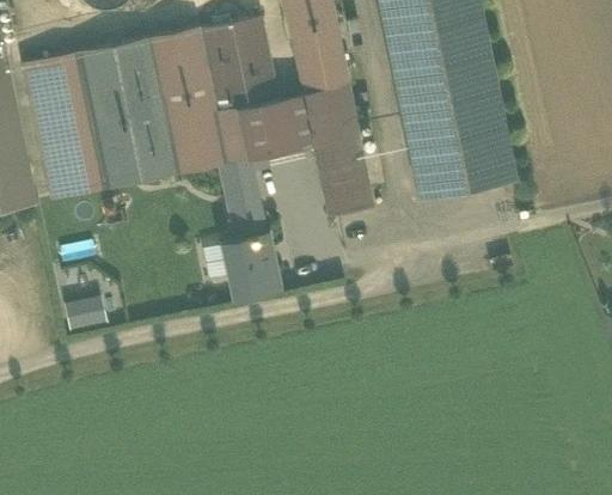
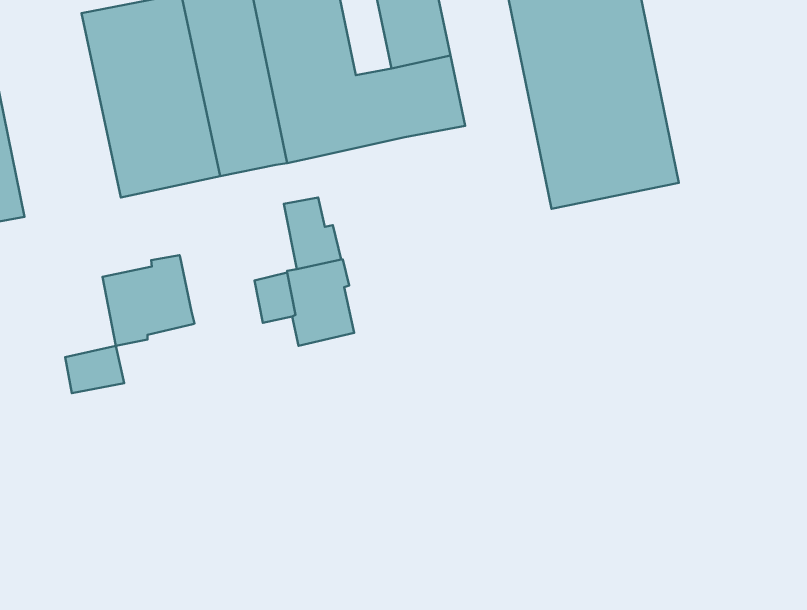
building: [25,54,106,198] -> none
building: [314,136,374,216] -> none
building: [220,160,251,194] -> none
building: none -> [103,255,194,346]

